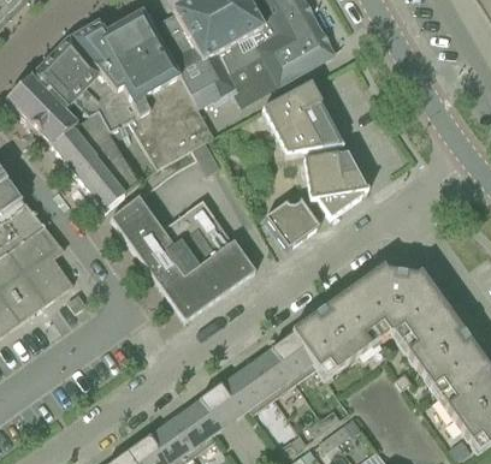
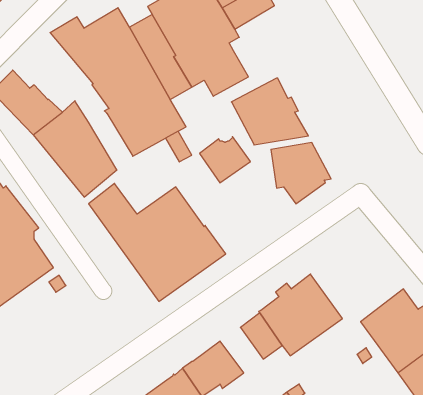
building: [260,6,335,82] -> none
building: [30,35,132,130] -> none
building: [266,198,320,248] -> [200,137,250,183]
building: [347,266,445,341] -> none
building: [250,347,296,395] -> none

